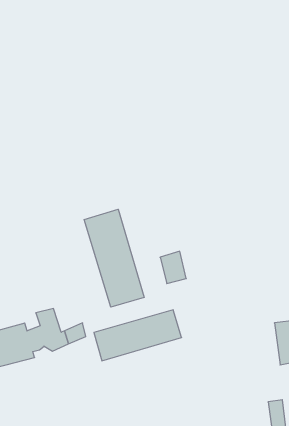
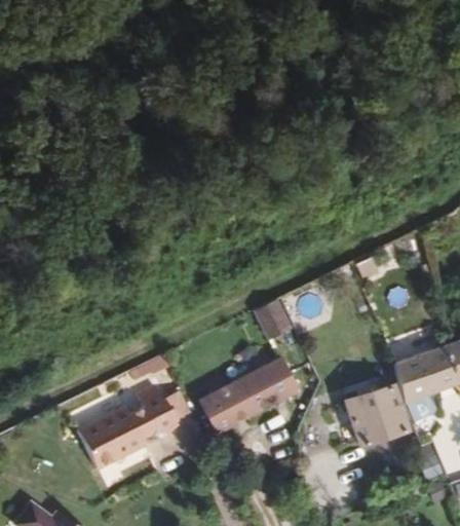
building: [84,209,144,307] -> none
building: none -> [350,384,412,445]

